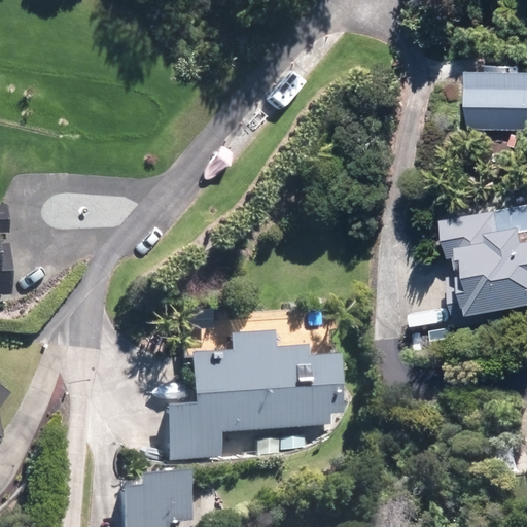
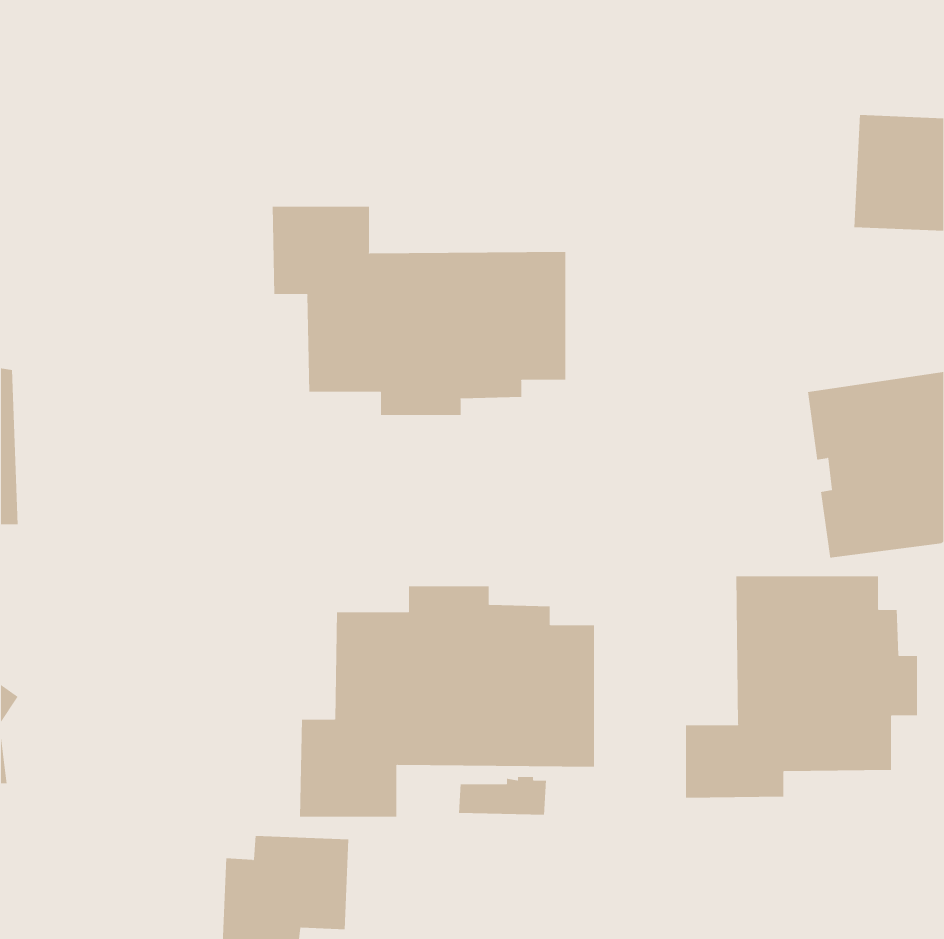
building: none -> [272,206,566,416]
building: none -> [686,576,918,798]

